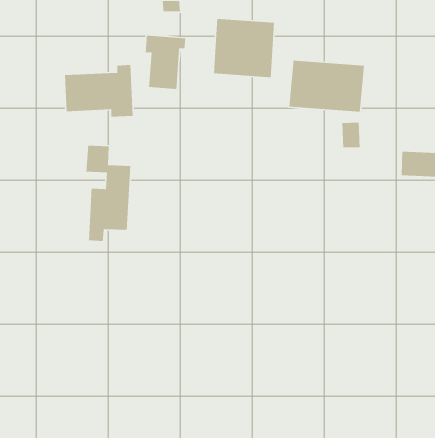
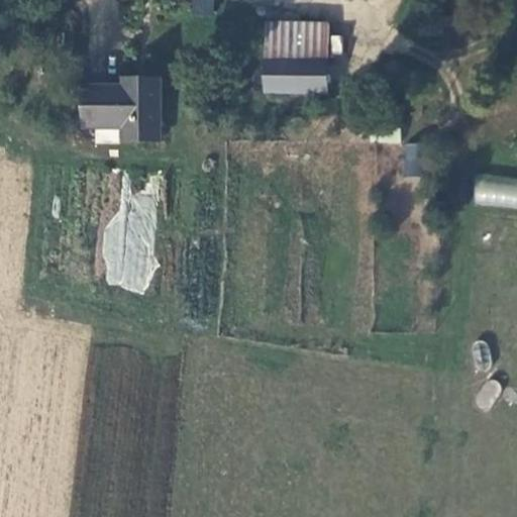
building: [145,35,186,90] -> none
building: [288,60,365,113] -> none

